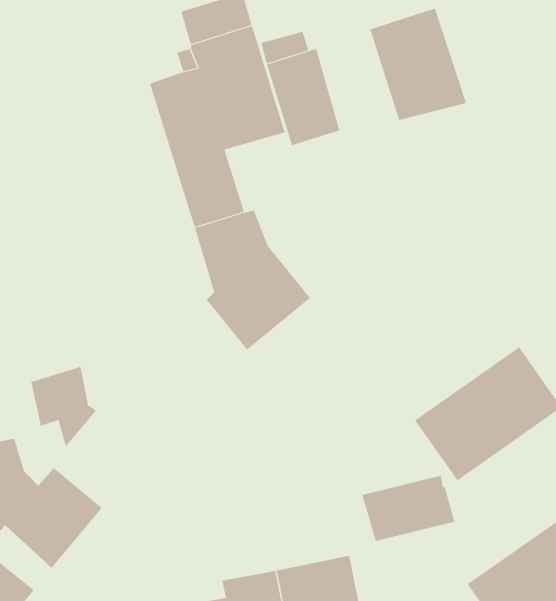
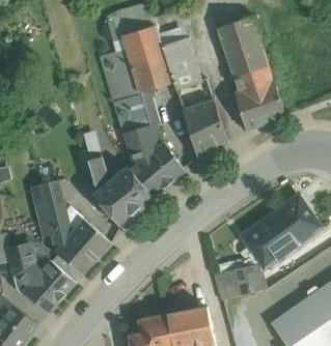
building: none -> [232,66,284,131]
building: none -> [182,99,226,156]
building: none -> [87,156,151,226]
building: none -> [30,180,63,214]
building: none -> [55,219,110,275]

